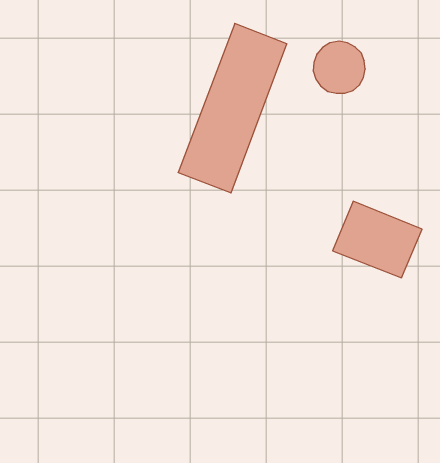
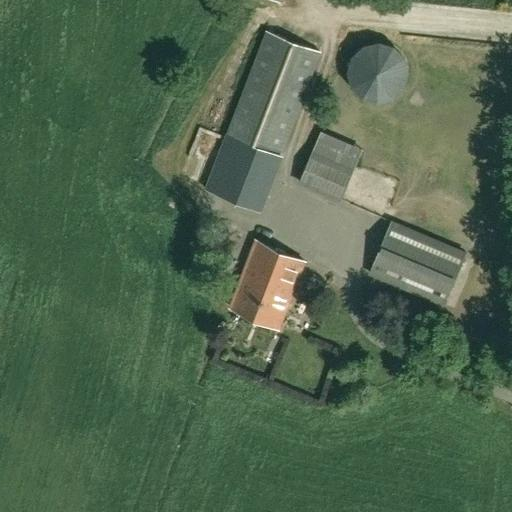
building: none -> [297,131,362,203]
building: none -> [230,241,304,329]

